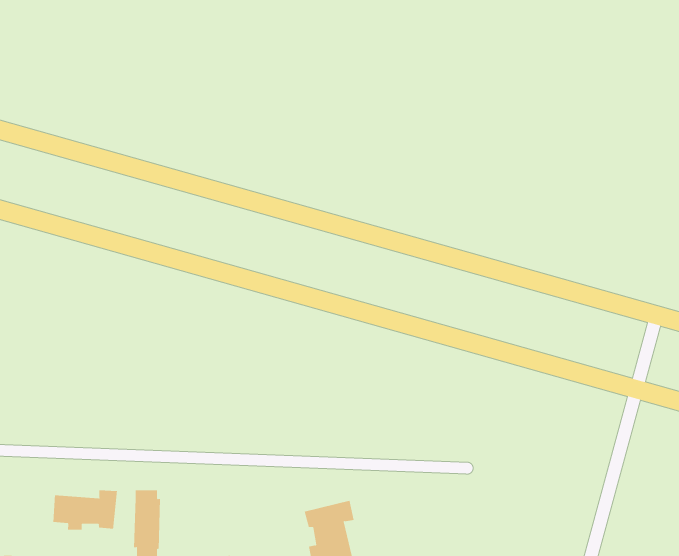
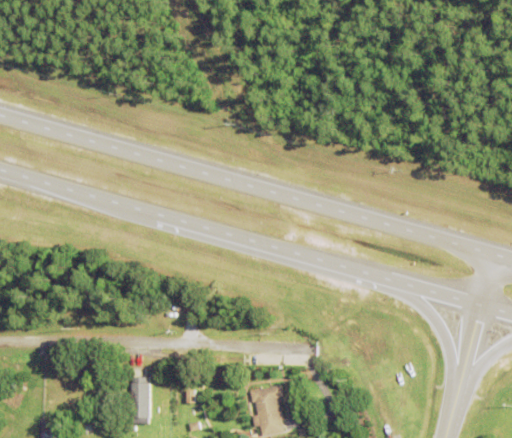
building: [53,489,117,530] -> none

